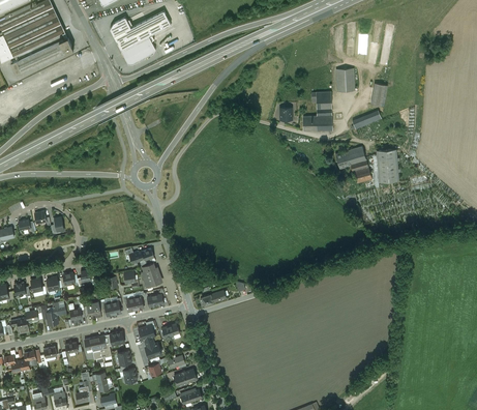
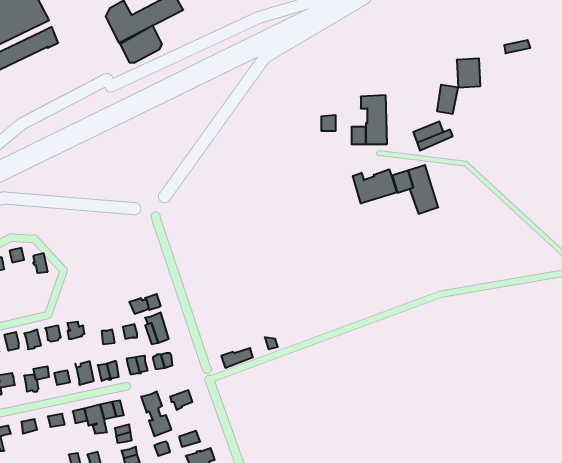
building: [335,68,354,91] -> [457,58,480,87]
building: [376,149,399,181] -> none
building: none -> [353,169,397,204]

